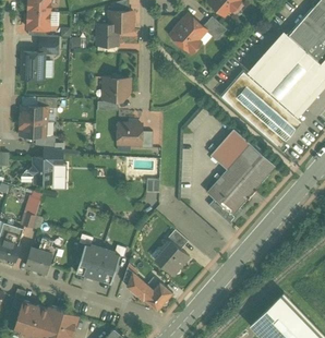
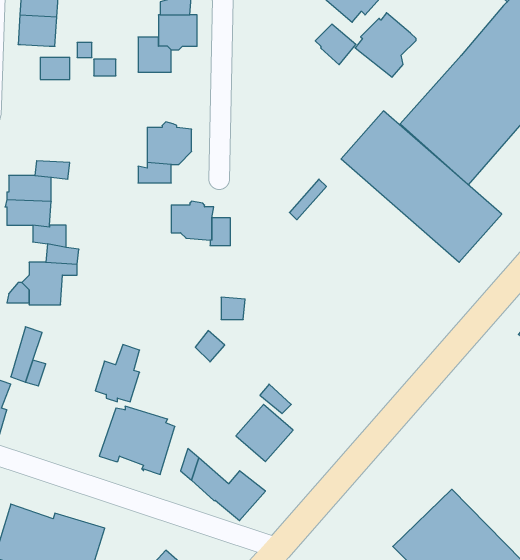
building: [169,15,205,53] -> [355,13,416,77]
building: [21,53,44,80] -> none
building: [206,130,274,225] -> none
building: [25,239,51,273] -> [95,345,140,402]

